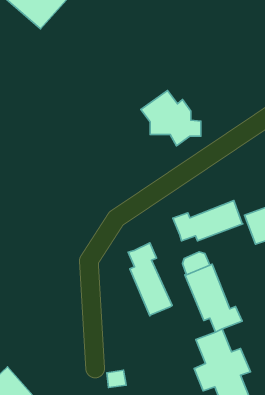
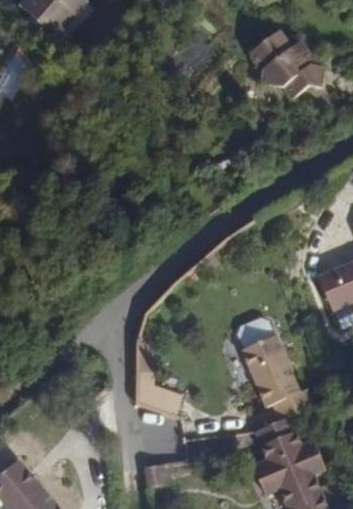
building: [141,90,201,146] -> [248,30,322,99]
building: [173,201,243,241] -> none
building: [128,243,172,316] -> none

